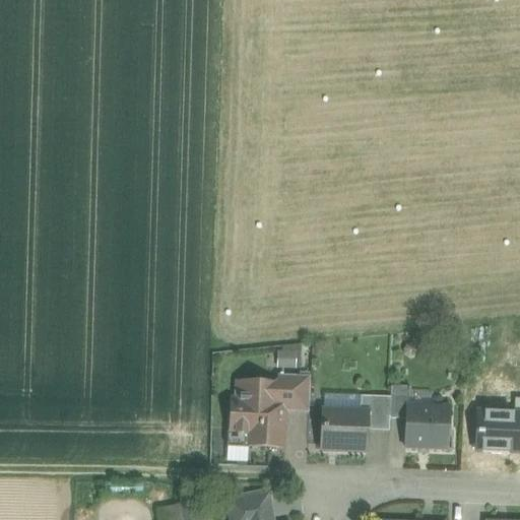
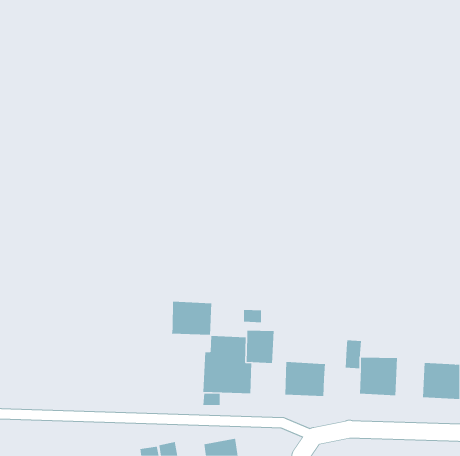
building: none -> [171,301,212,335]
building: [360,393,390,429] -> none

